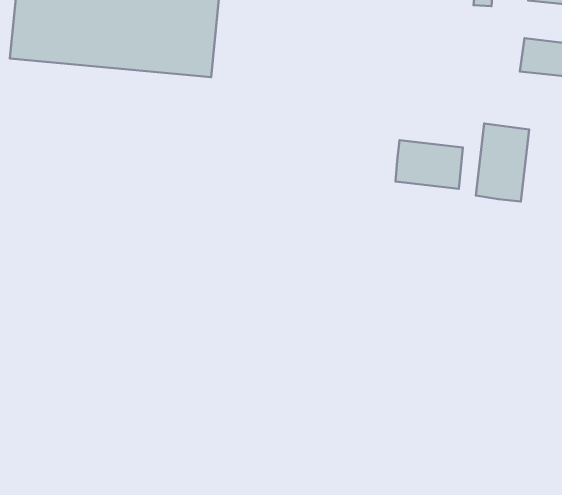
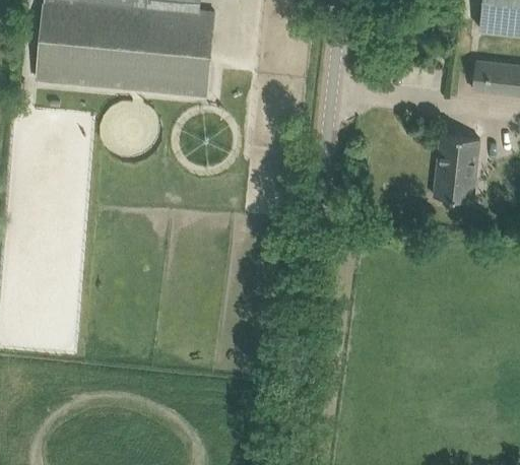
building: [396,140,463,189] -> none

